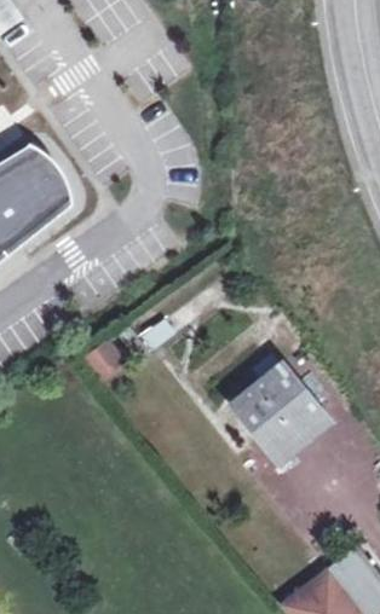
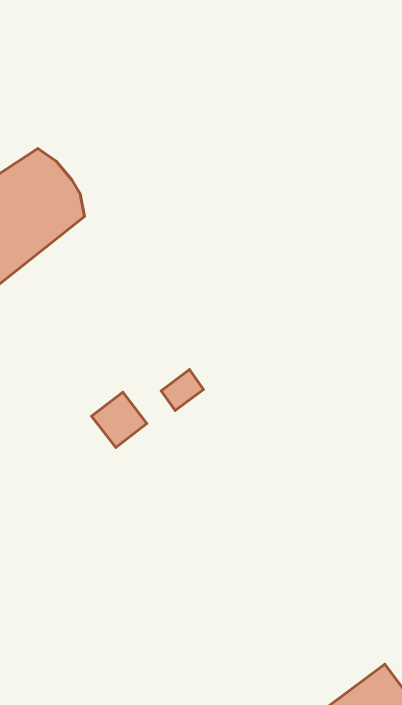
building: [236,364,326,468] -> none

